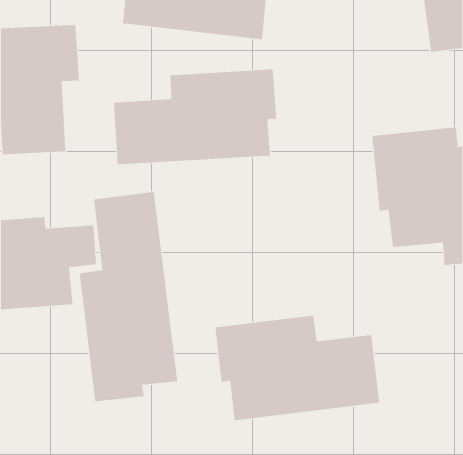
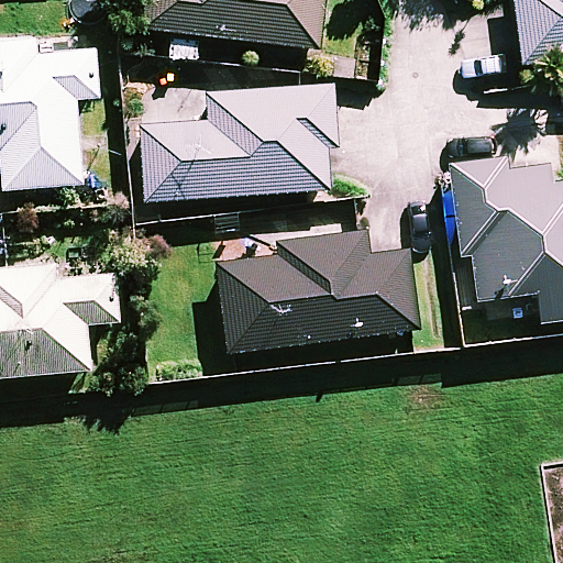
building: none -> [218,231,418,352]
building: [79,191,178,402] -> none
building: [215,315,380,421] -> none

